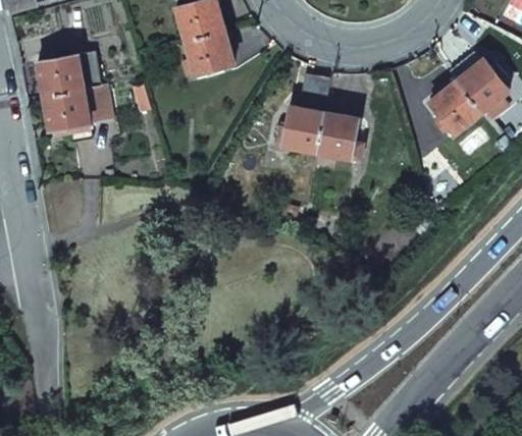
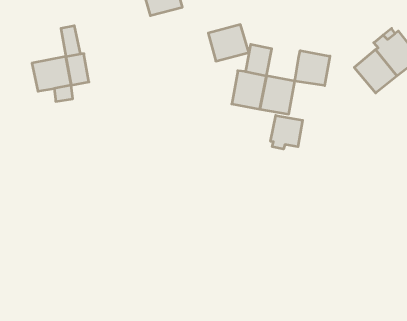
building: [184,31,232,74] -> [208,25,249,61]
building: [36,56,83,98] -> none
building: none -> [295,51,330,86]
building: none -> [271,115,303,149]

